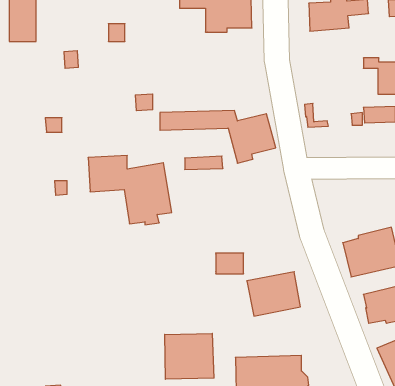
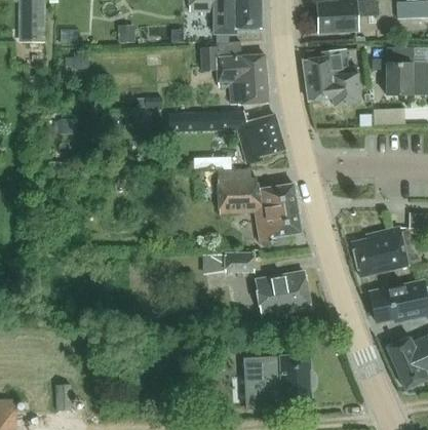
building: none -> [200,40,268,103]
building: none -> [303,48,361,106]
building: [88,156,172,225] -> [218,177,301,245]
building: [165,333,214,379] -> none

